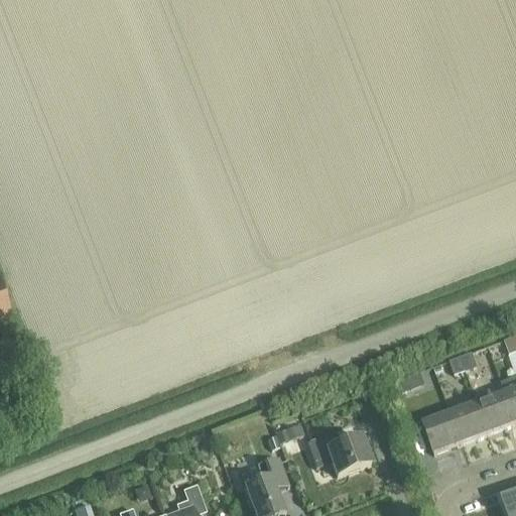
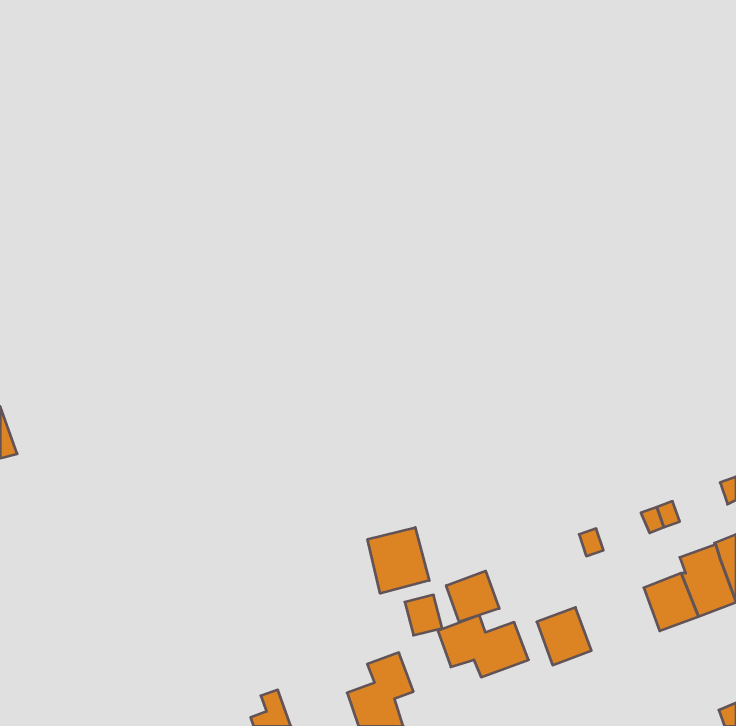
building: none -> [368,527,429,593]
building: none -> [446,571,499,622]
building: [423,411,462,452] -> [537,607,591,665]

